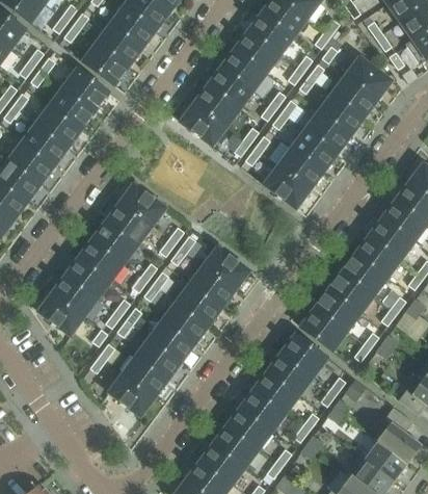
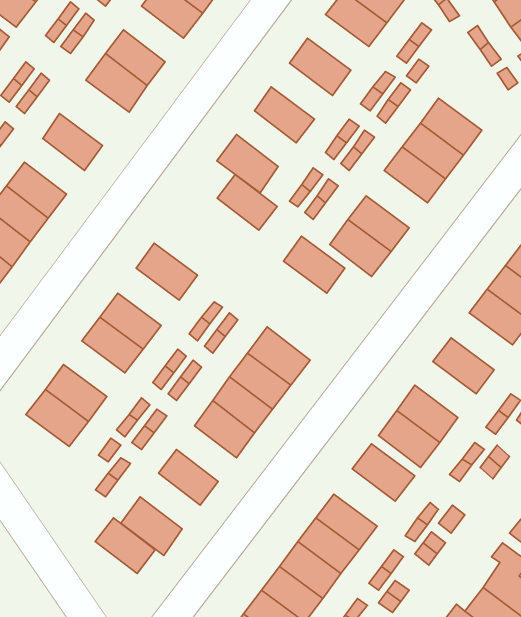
building: [110,7,155,49] -> none
building: [247,14,293,55] -> none
building: [220,50,266,92] -> none
building: [345,57,391,100] -> none
building: [62,69,109,111] -> none
building: [194,85,239,127] -> [217,174,277,230]
building: [36,106,81,148] -> none
building: [291,130,337,173] -> [284,236,345,293]
building: [106,203,152,245] -> none
building: [354,236,400,279] -> none
building: [65,257,111,298] -> none
building: [327,272,373,314] -> none
building: [150,320,194,362] -> none
building: [267,353,313,395] -> none
building: [123,356,167,397] -> [95,518,155,573]

